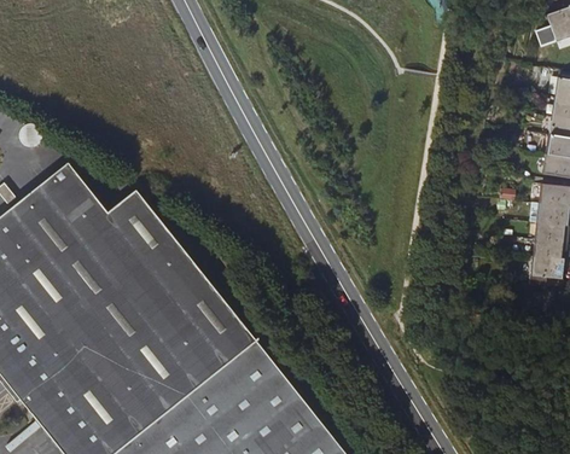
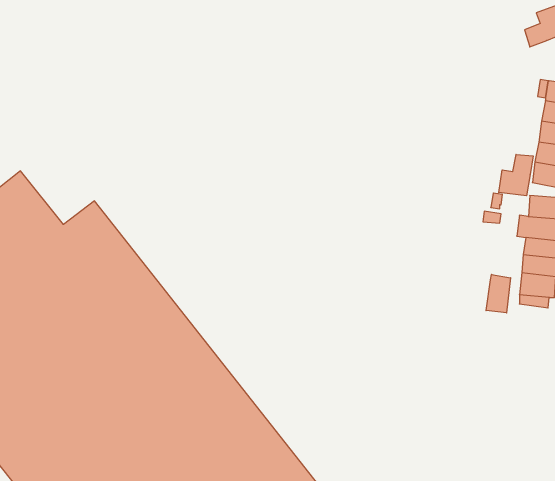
building: none -> [499,154,533,196]
building: none -> [486,274,511,313]

